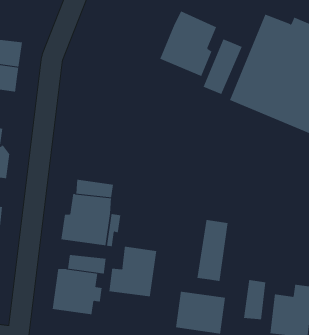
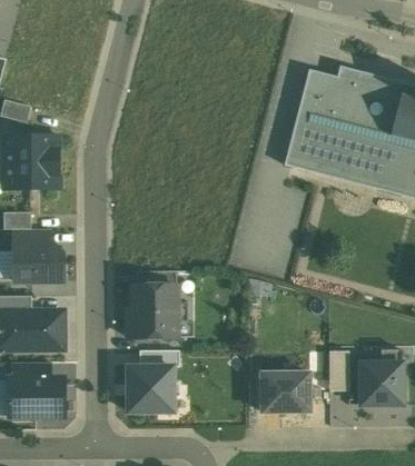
building: [159,10,217,77] -> none
building: [203,38,243,95] -> none
building: [197,219,228,282] -> none
building: [109,246,157,297] -> none

